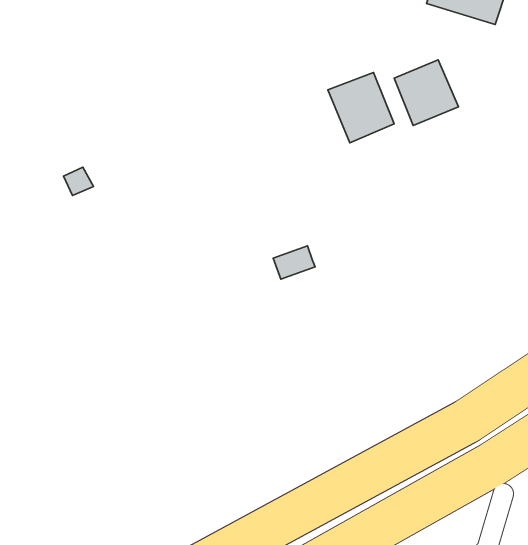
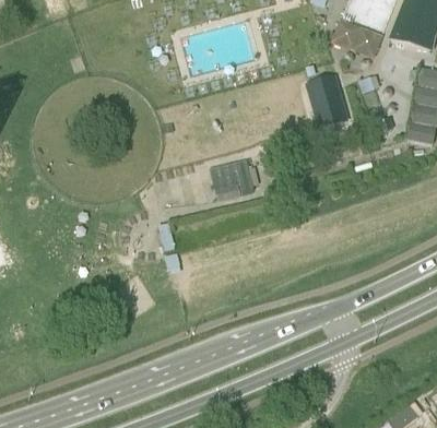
building: [328,73,394,143] -> none

